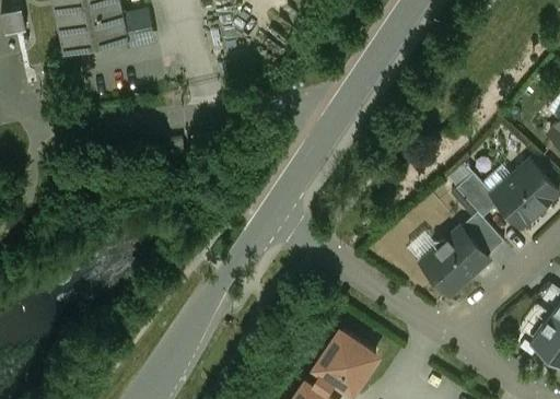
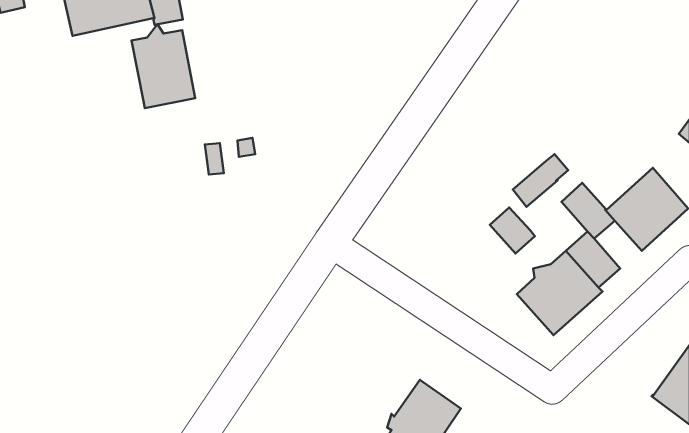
building: none -> [132,24,195,108]
building: none -> [513,154,568,207]
building: none -> [490,207,535,254]

